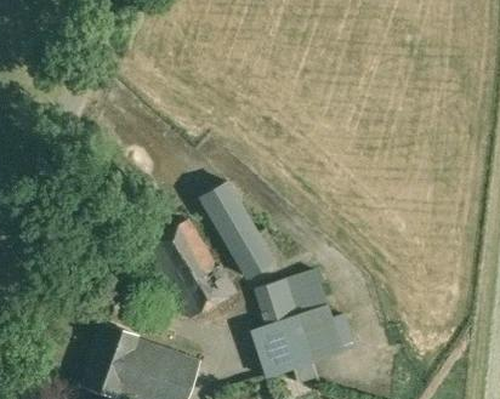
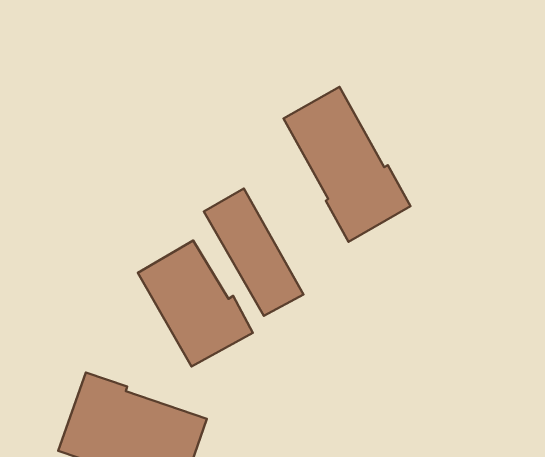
building: none -> [283,87,411,242]
building: [250,269,341,377] -> none

